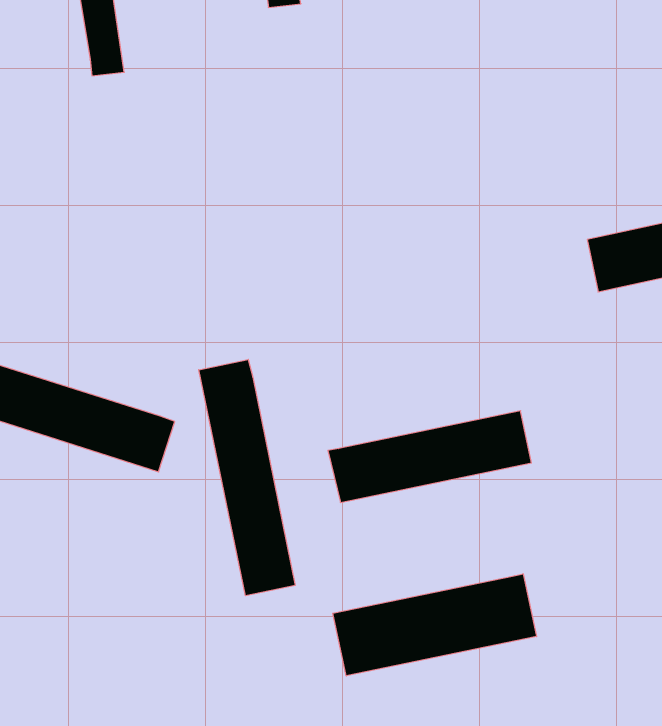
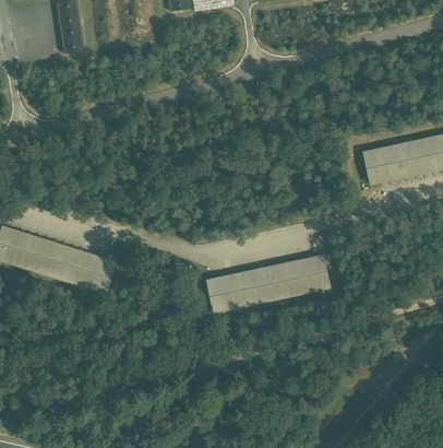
building: [199,359,295,596] -> none
building: [333,574,537,676] -> none

